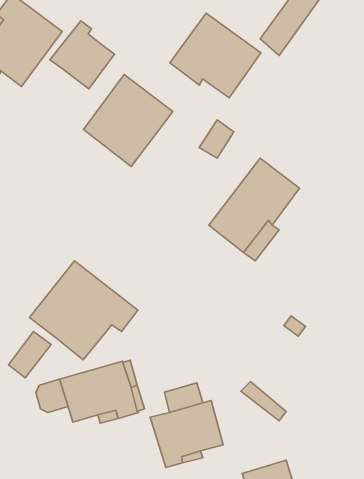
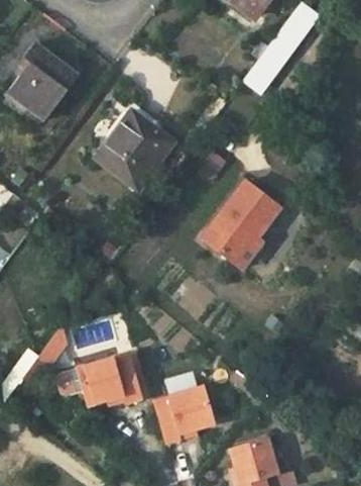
building: [170,13,261,98] -> none
building: [50,21,115,89] -> none
building: [29,261,138,360] -> none

